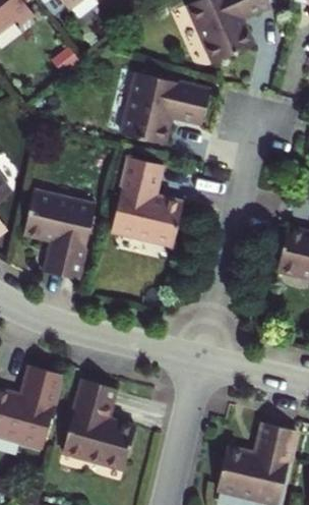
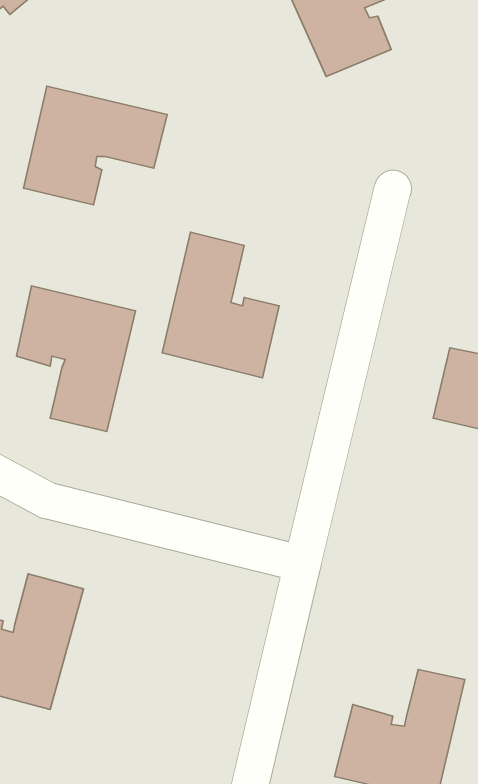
building: [121,73,208,146] -> [23,86,167,205]
building: [63,380,137,469] -> none

